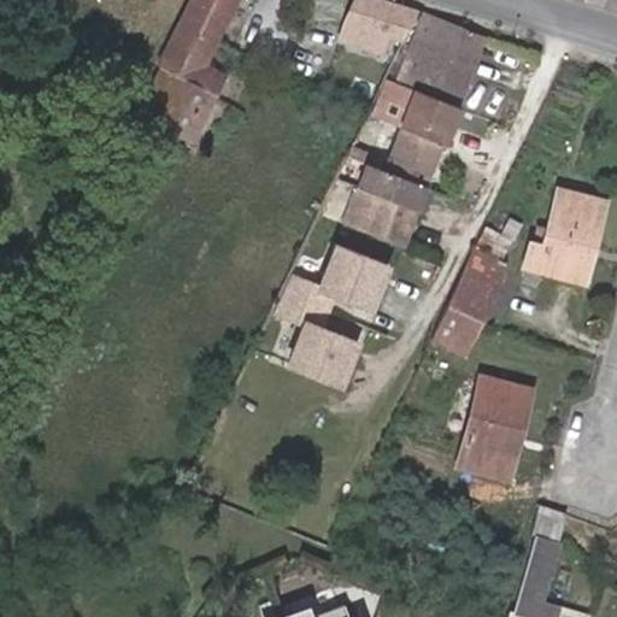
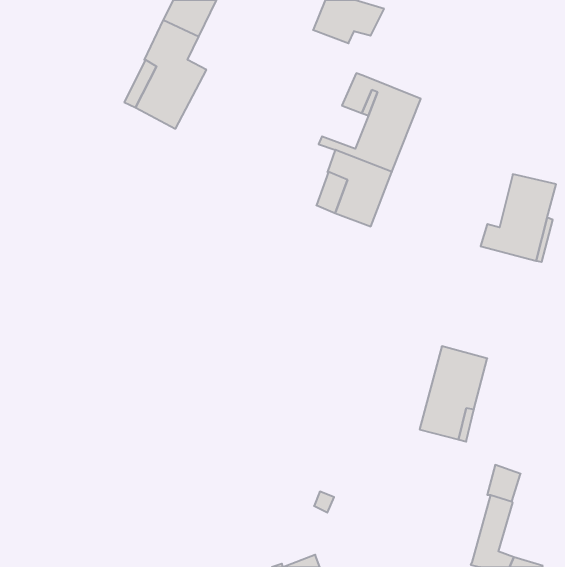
building: [396,12,488,107] -> none
building: [274,246,386,383] -> none
building: [434,252,507,354] -> none

